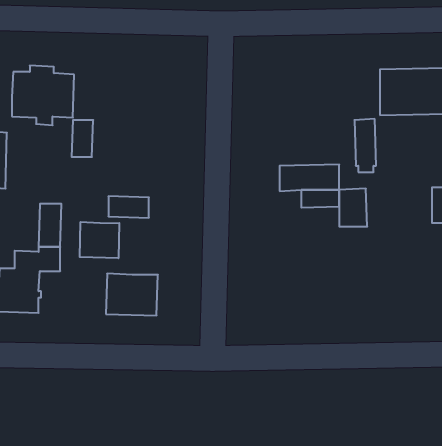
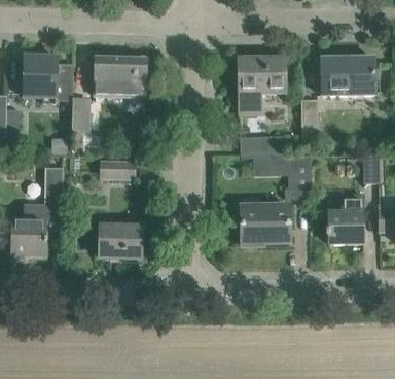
building: none -> [95,57,145,96]
building: none -> [239,58,284,112]
building: [80,222,119,258] -> none
building: none -> [325,194,363,243]
building: none -> [241,205,289,244]

